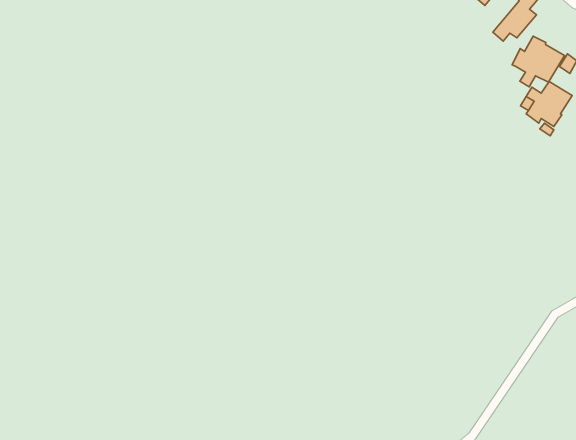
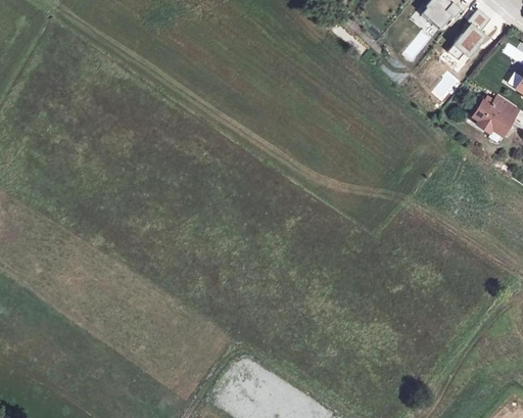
building: [512,36,565,87] -> none

